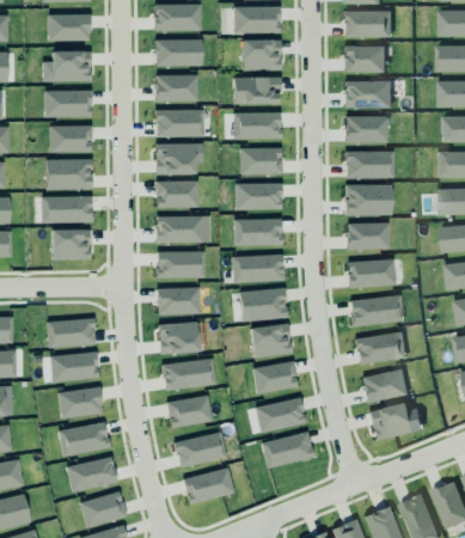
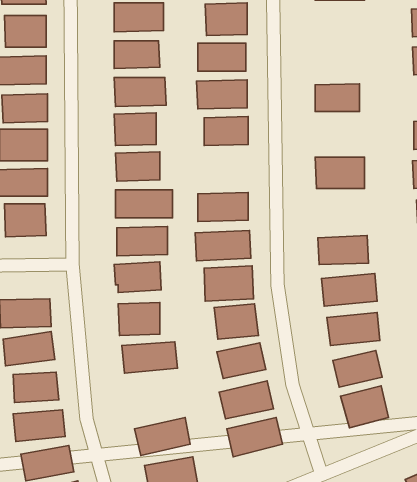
building: [344,45,386,72] -> none
building: [342,78,392,108] -> none
building: [345,151,394,178] -> none
building: [235,183,282,210] -> none
building: [347,222,390,250] -> none
building: [167,396,213,428] -> none

